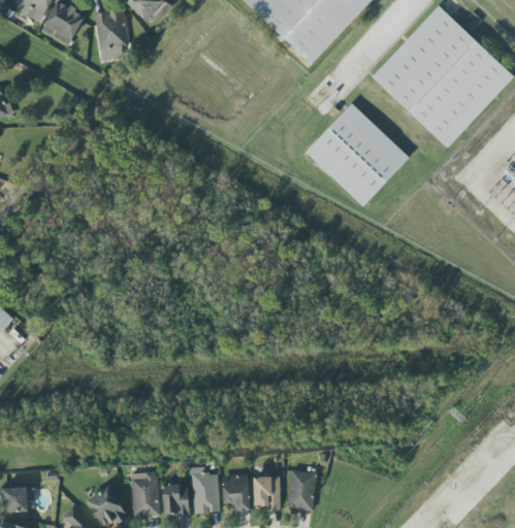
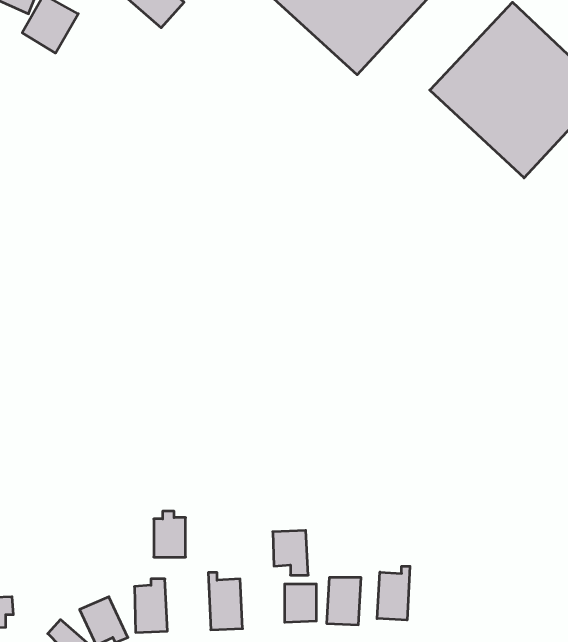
building: [94,9,129,61] -> none
building: [304,103,409,206] -> none
building: none -> [377,566,410,620]
building: [221,474,250,510] -> [273,530,308,575]
building: [162,478,188,516] -> [154,511,186,557]

